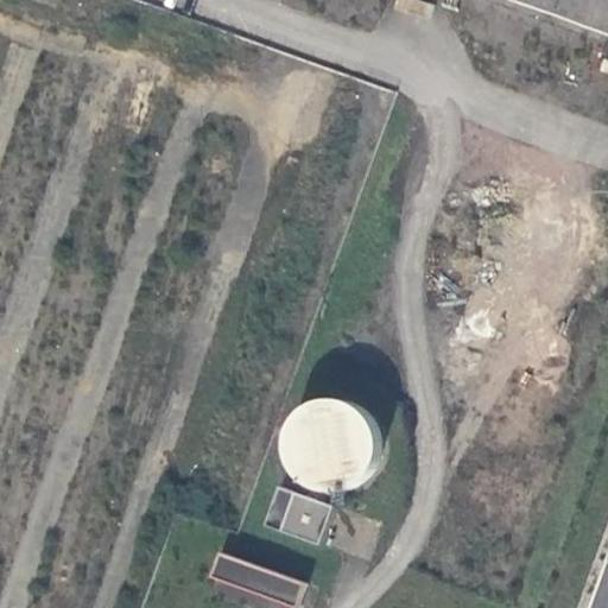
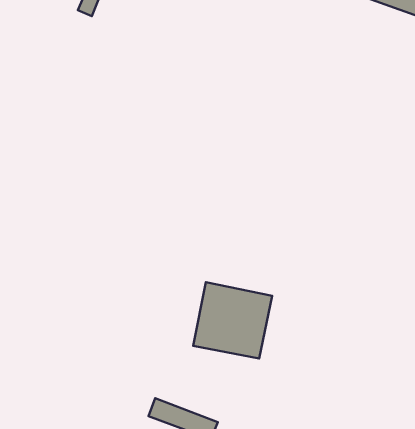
building: [280,493,332,545] -> none

